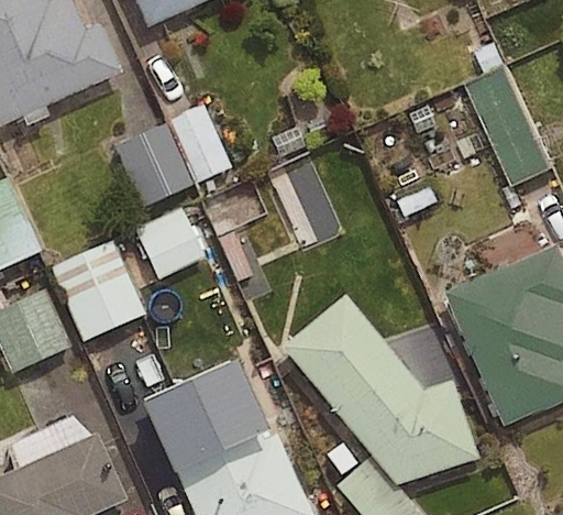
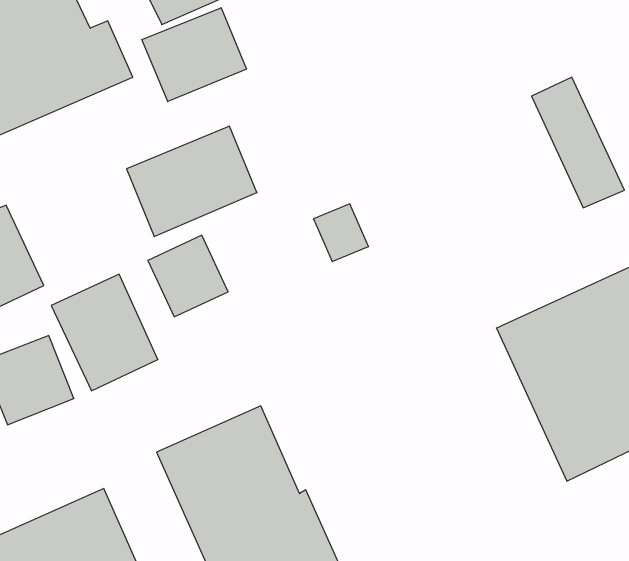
building: none -> [142,8,246,102]
building: [282,294,479,485] -> none

